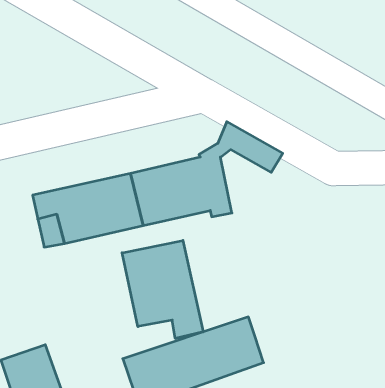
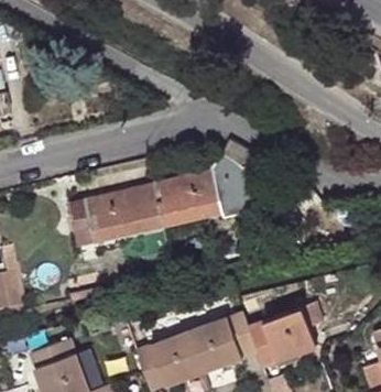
building: [122,240,203,338] -> none
building: none -> [259,305,327,363]

